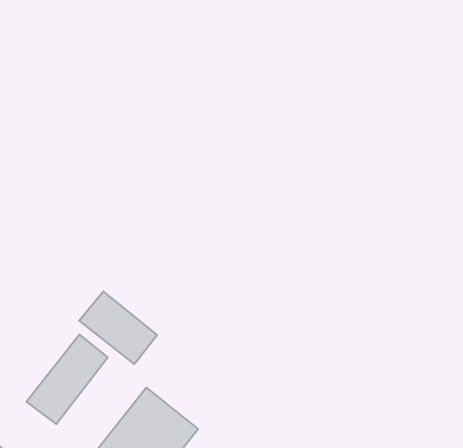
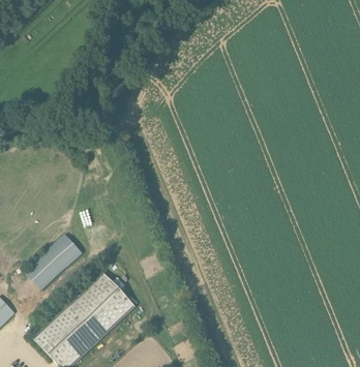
building: [79,291,157,364] -> none

